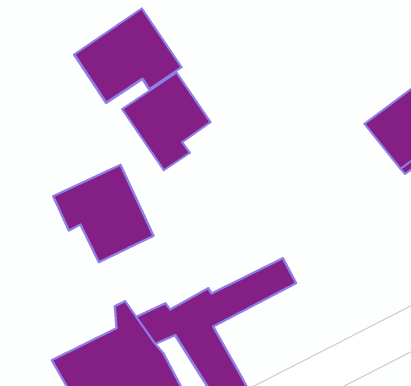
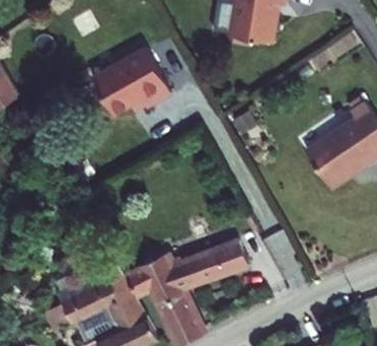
building: [122,73,211,170] -> none
building: [53,165,154,262] -> none

